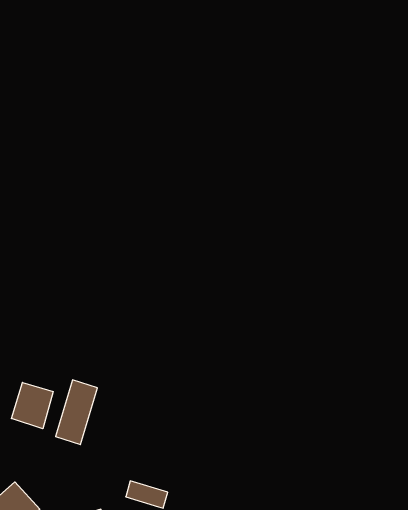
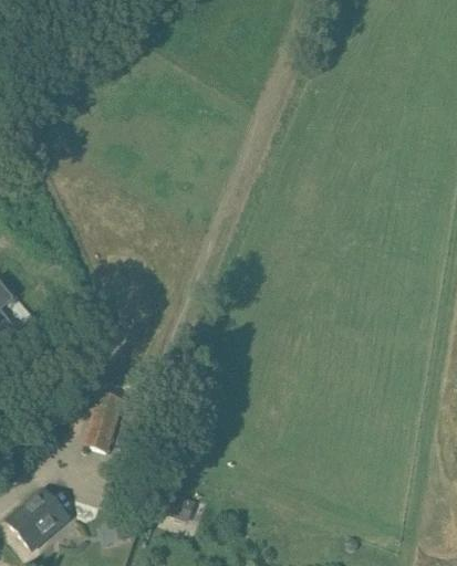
building: [11,382,53,429] -> none

